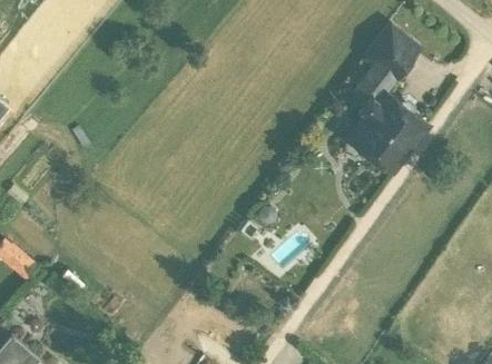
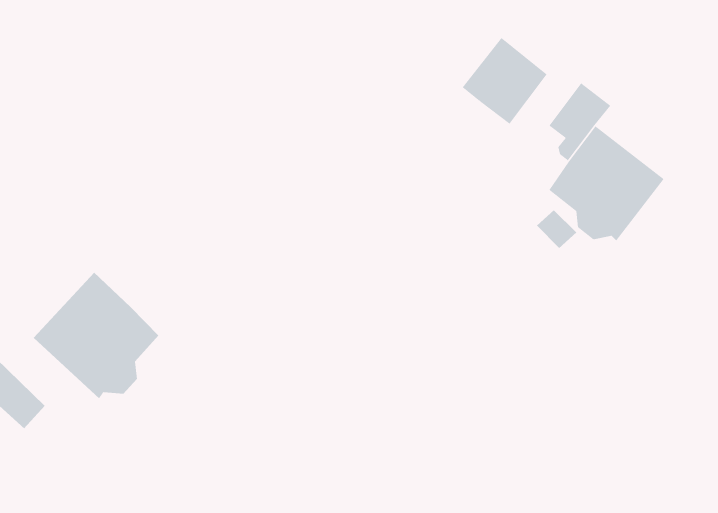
building: [364,26,417,80] -> [462,37,547,125]
building: none -> [33,272,159,399]

